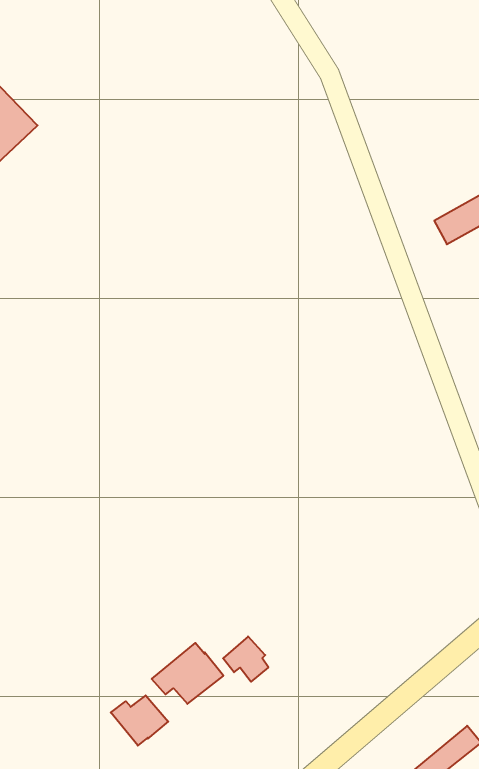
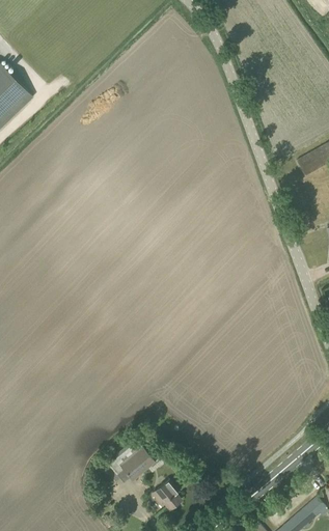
building: [223,636,268,682] -> [150,479,181,509]
building: [111,695,168,746] -> none

